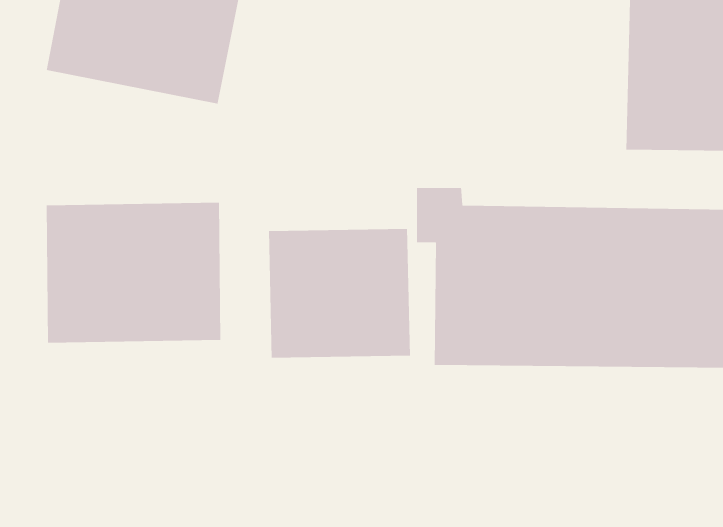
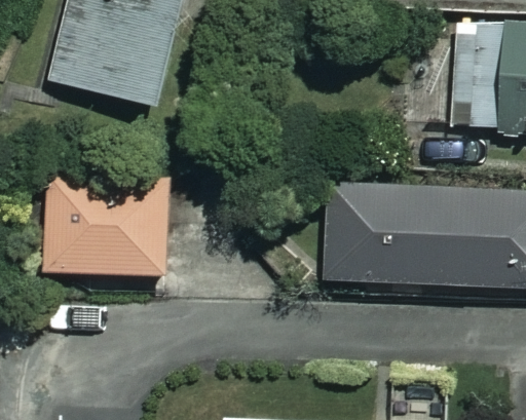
building: [268,228,411,359] -> none

